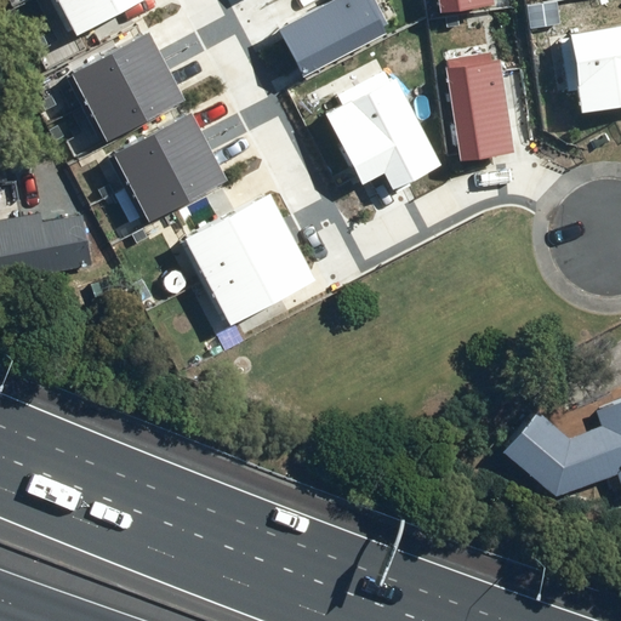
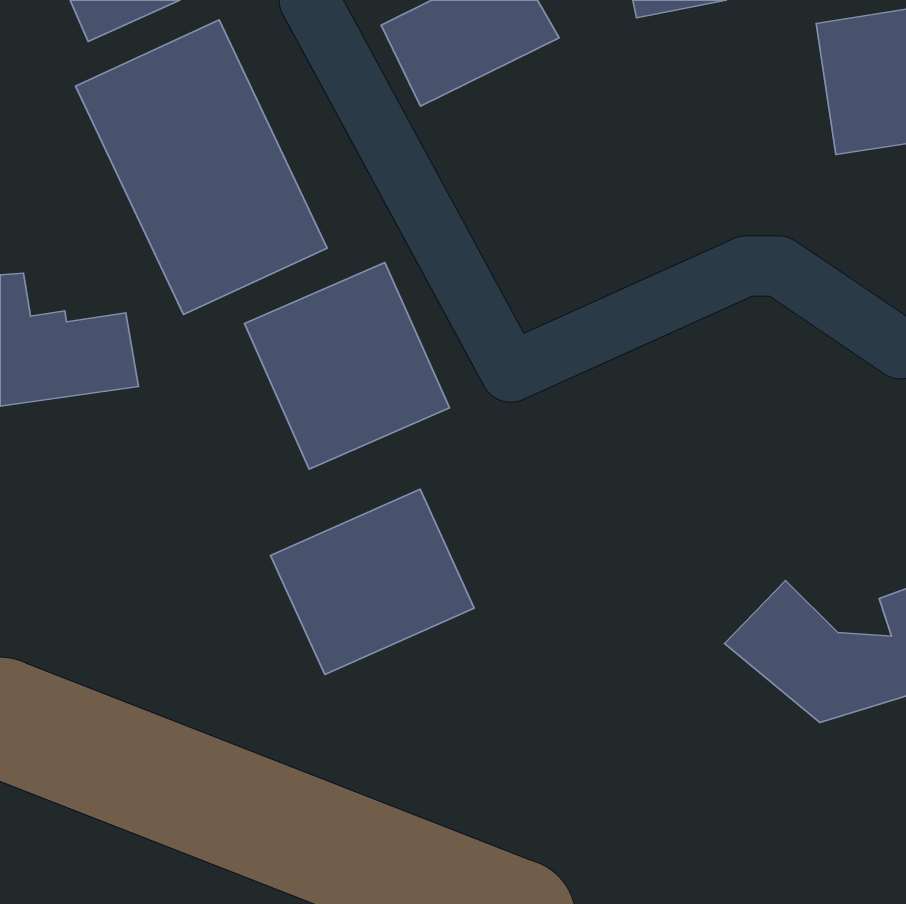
building: [448,50,526,163] -> none
building: [318,68,448,192] -> none
building: none -> [271,489,474,674]

